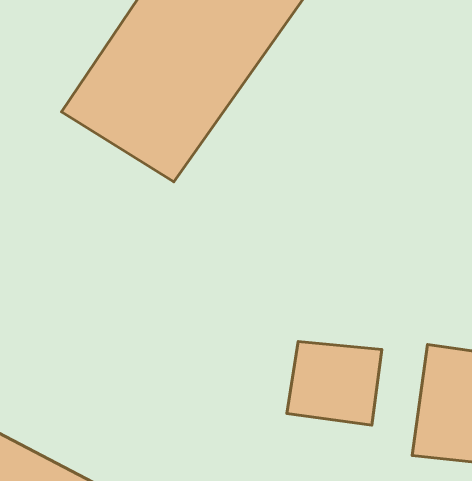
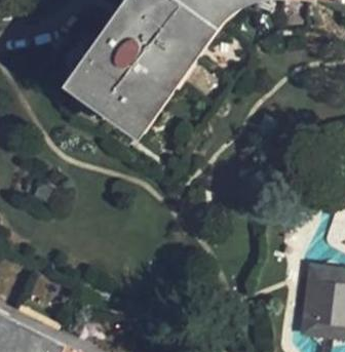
building: [287,341,382,425] -> none

